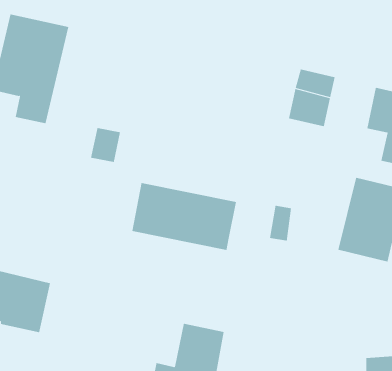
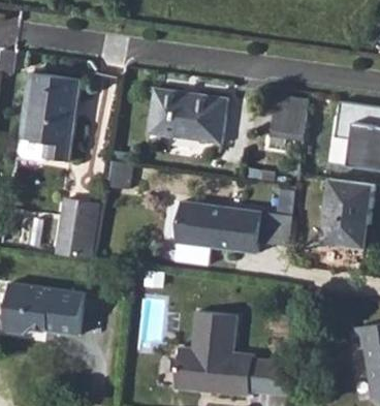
building: none -> [146,86,227,143]
building: none -> [60,199,92,253]
building: none -> [229,210,263,244]

